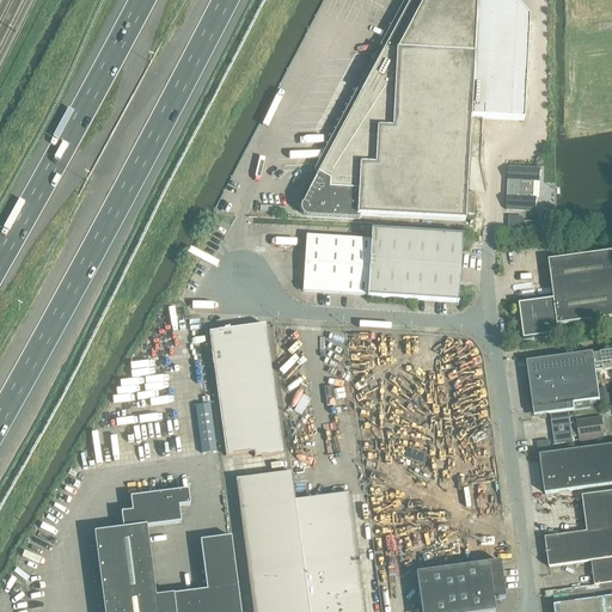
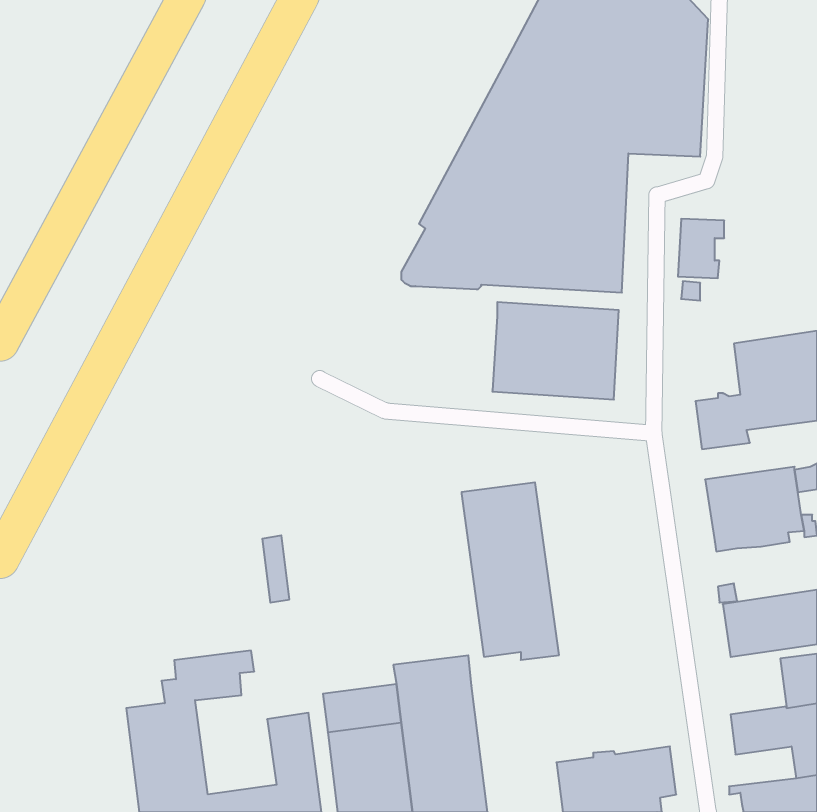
building: [304,232,372,292] -> none
building: [209,322,282,454] -> [462,482,559,660]
building: [552,414,605,441] -> none
building: [235,469,296,519] -> none

